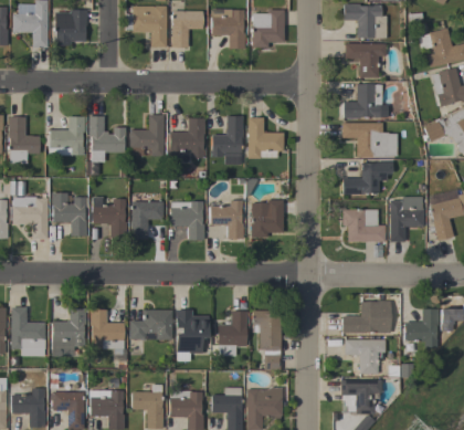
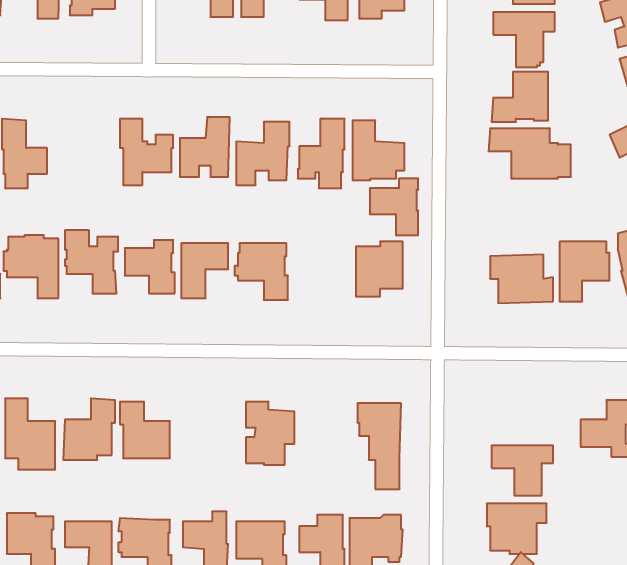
building: [50,116,85,156] -> none
building: [344,162,379,195] -> none
building: [210,200,243,239] -> [370,178,418,235]
building: [342,300,390,333] -> none
building: [129,310,173,339] -> none
building: [218,311,246,356] -> none

